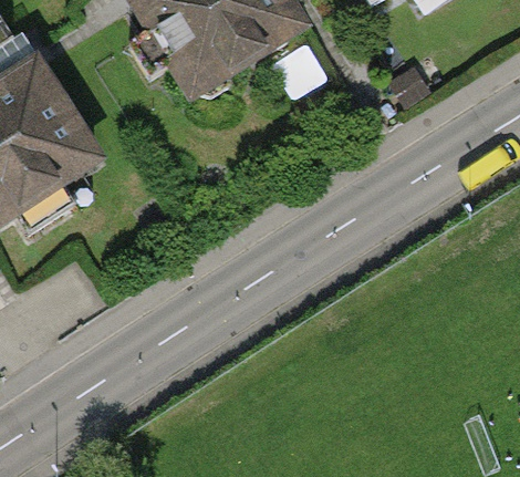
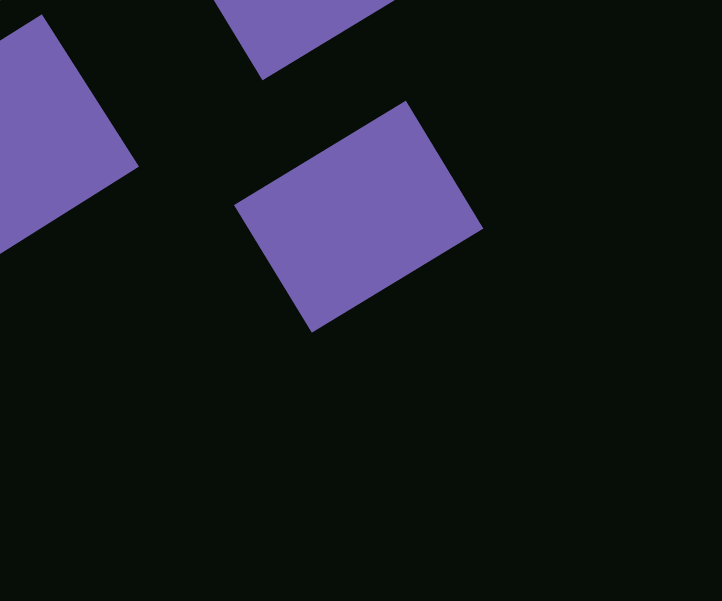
building: none -> [233,100,485,334]

